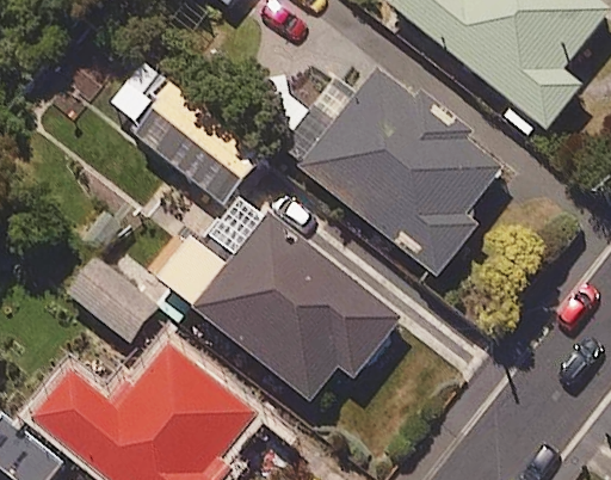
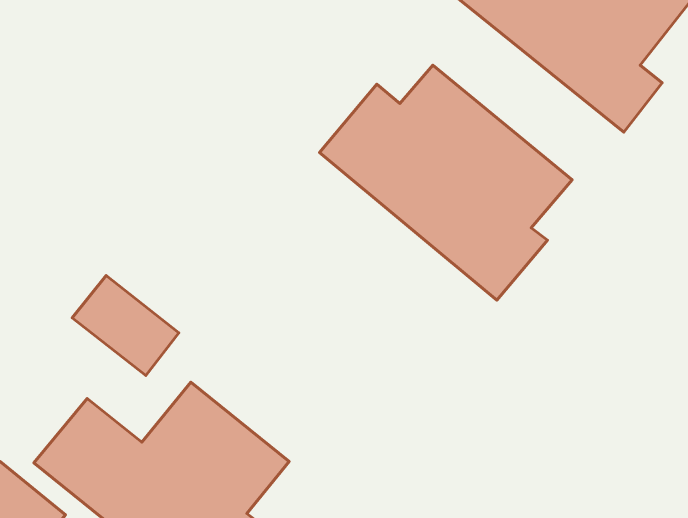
building: [110,61,259,204] -> none
building: [160,216,400,401] -> none

